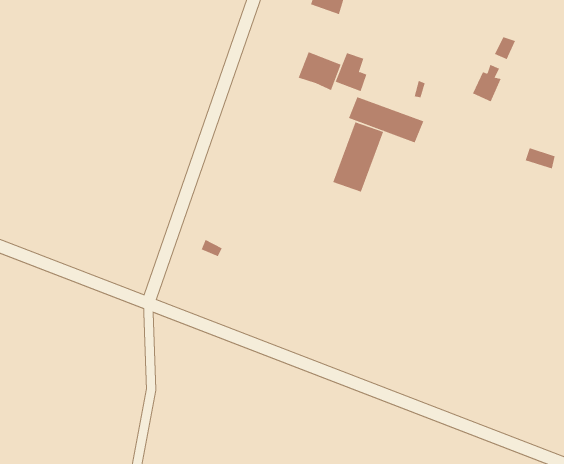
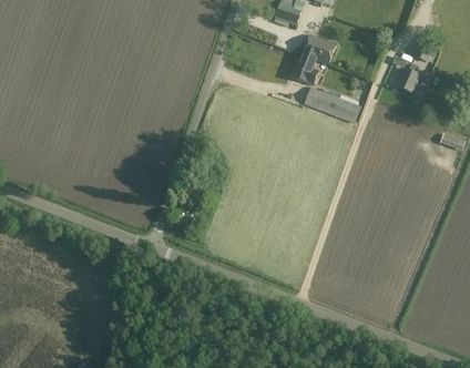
building: [298,52,342,91] -> [303,34,336,64]
building: [333,121,384,192] -> none

